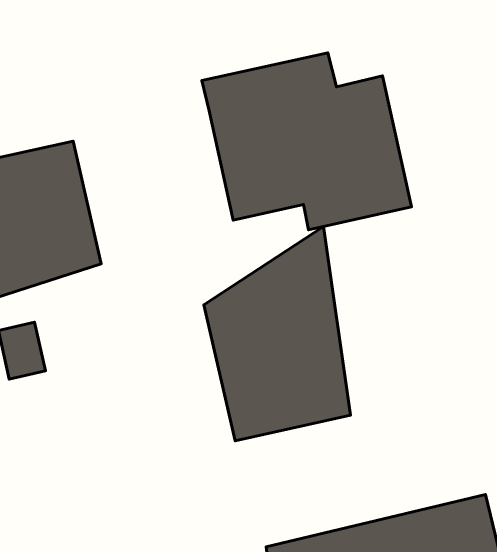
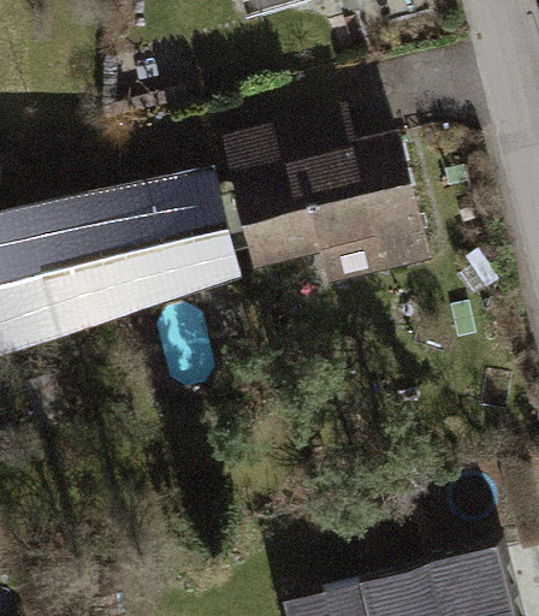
building: none -> [93,166,251,318]
building: [204,227,350,441] -> none

